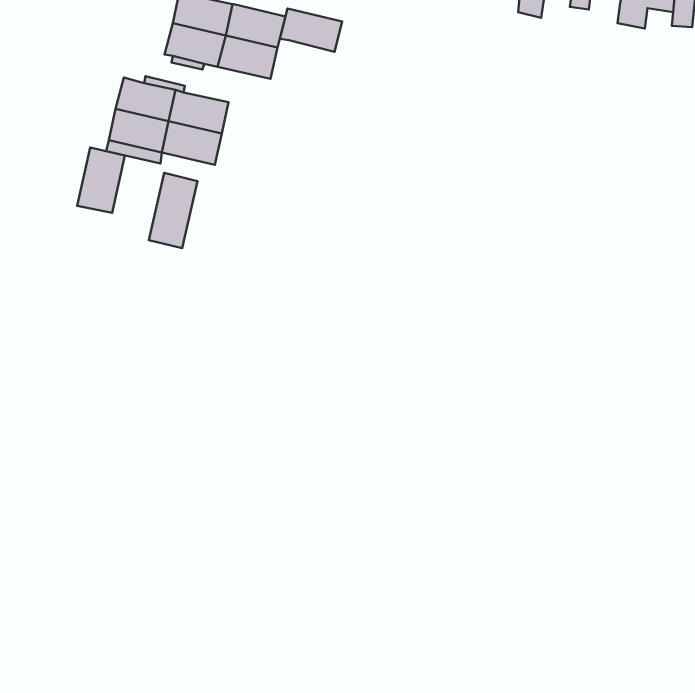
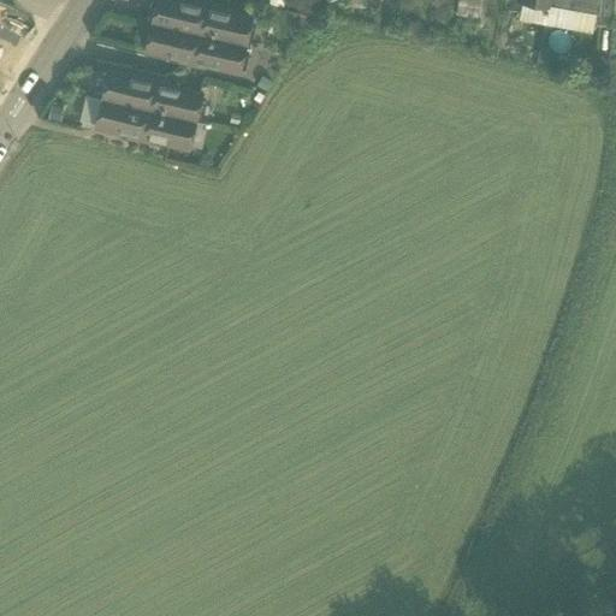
building: [280,9,342,52] -> none
building: [77,147,125,213] -> none
building: [149,173,198,248] -> none

